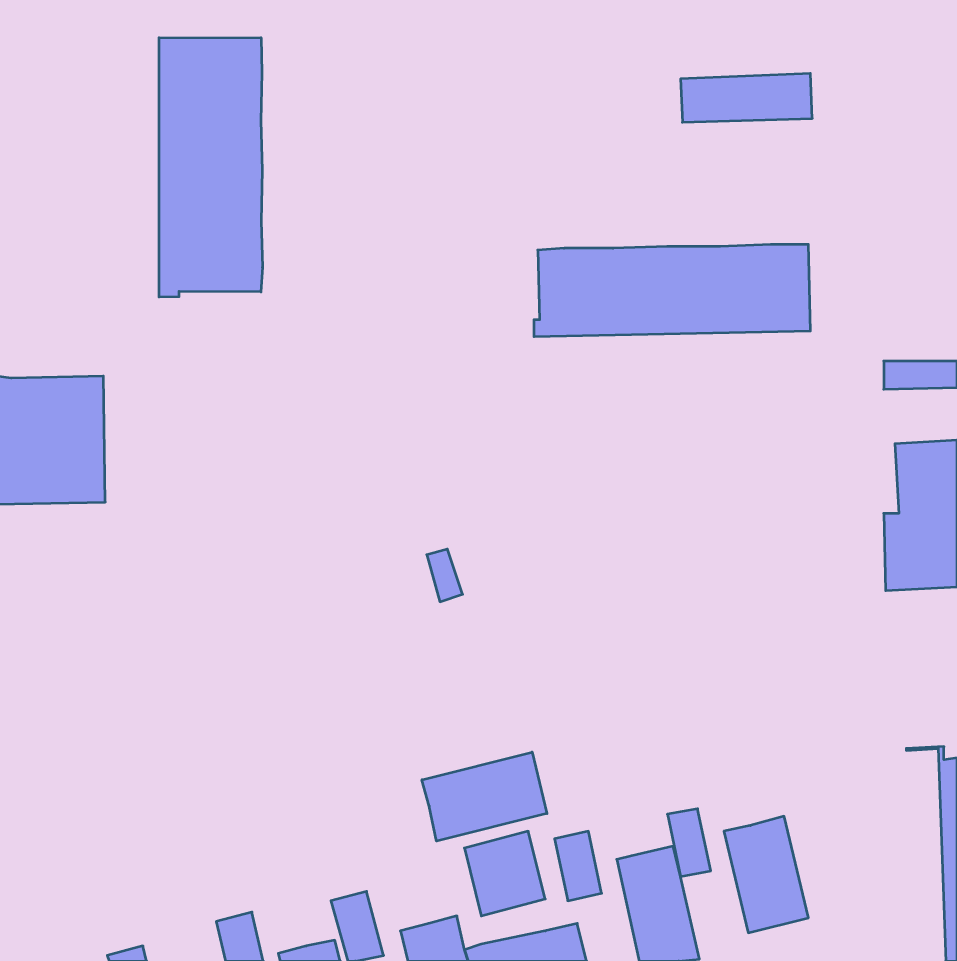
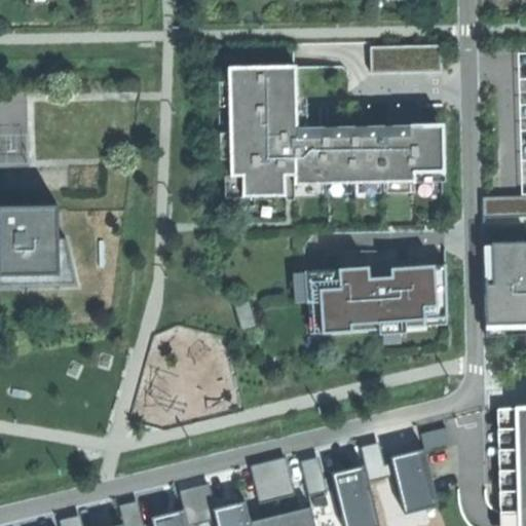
building: [159,38,262,297] -> none
building: none -> [223,66,295,197]
building: none -> [293,264,447,338]
building: [422,752,547,841] -> none

